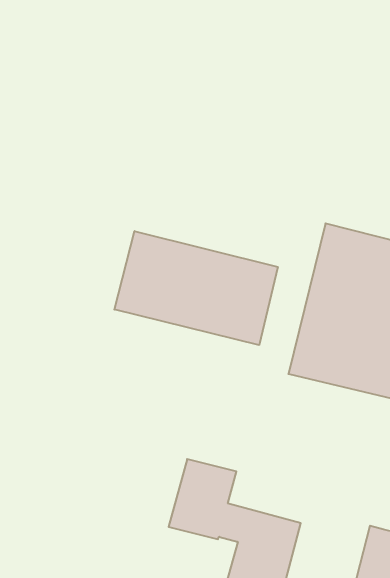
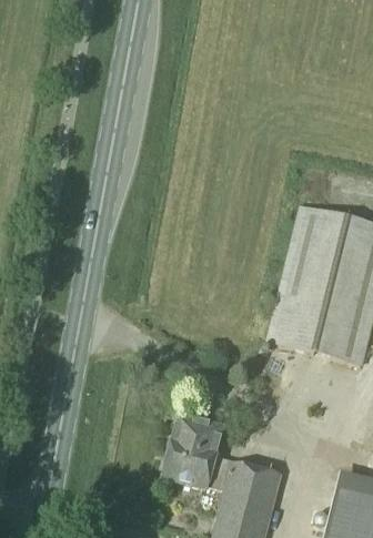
building: [114,231,278,345] -> none

